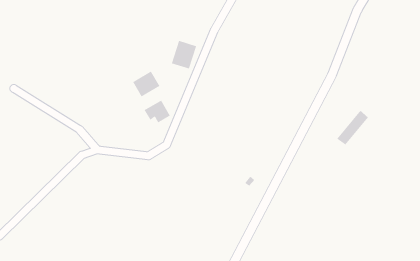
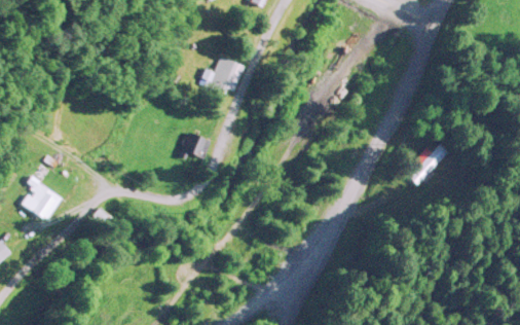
building: [132,71,160,97] -> none
building: none -> [21,175,61,221]

